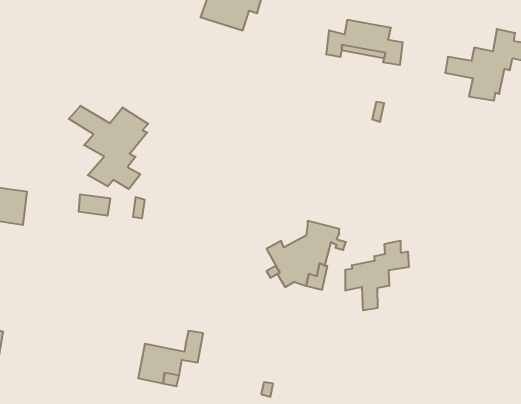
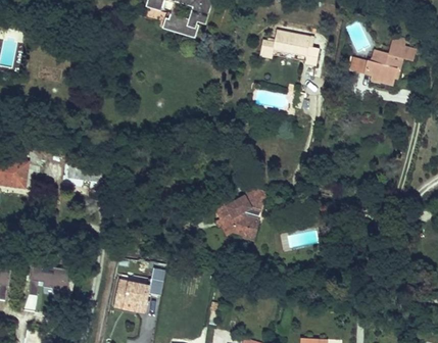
building: [69,106,148,189] -> none
building: [345,241,409,310] -> none
building: none -> [29,264,71,295]

